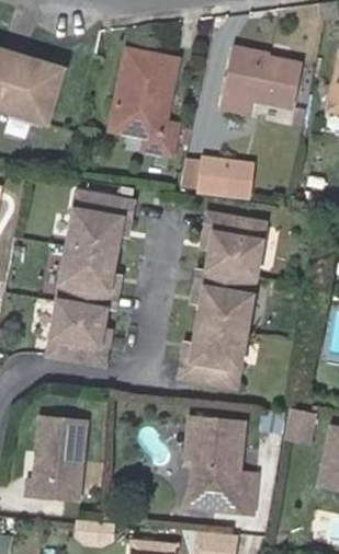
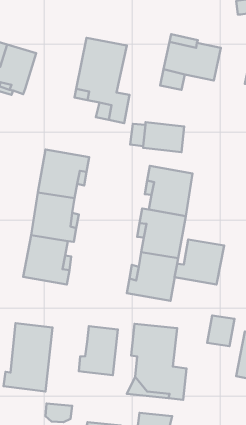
building: none -> [175,239,224,285]
building: none -> [79,326,118,375]

